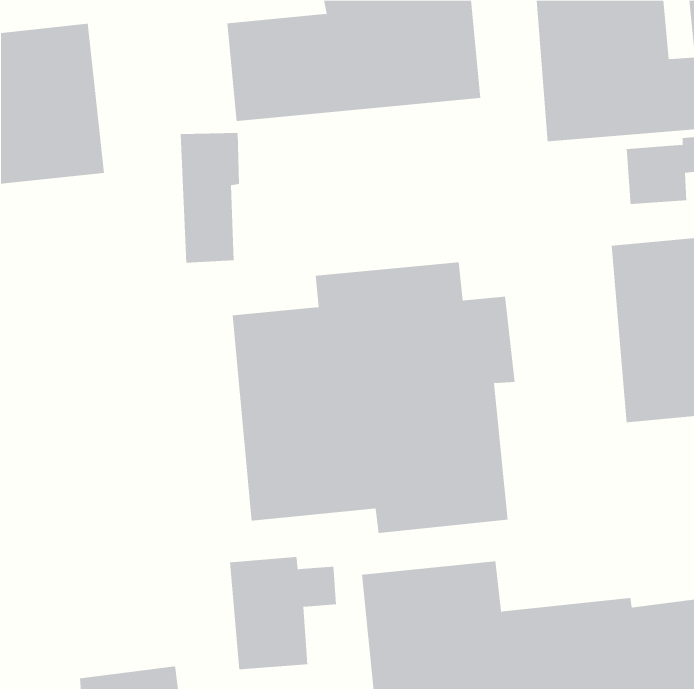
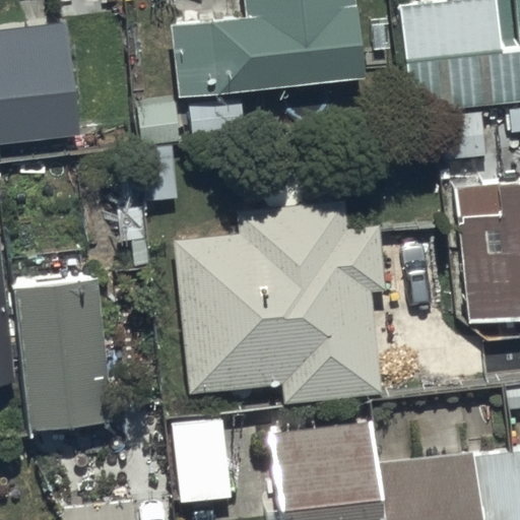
building: none -> [12,276,113,429]

